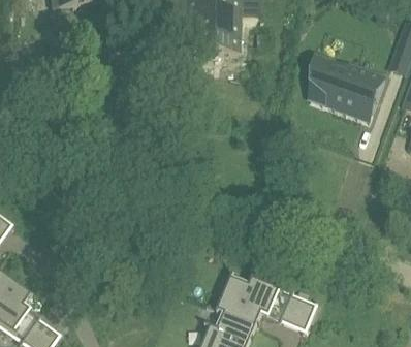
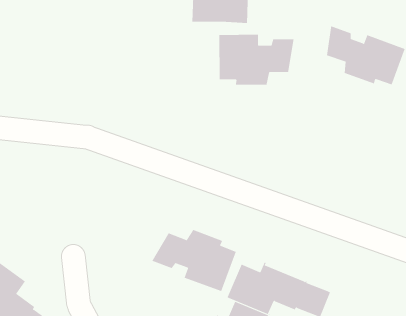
building: none -> [219,34,294,86]
building: none -> [152,229,237,292]

